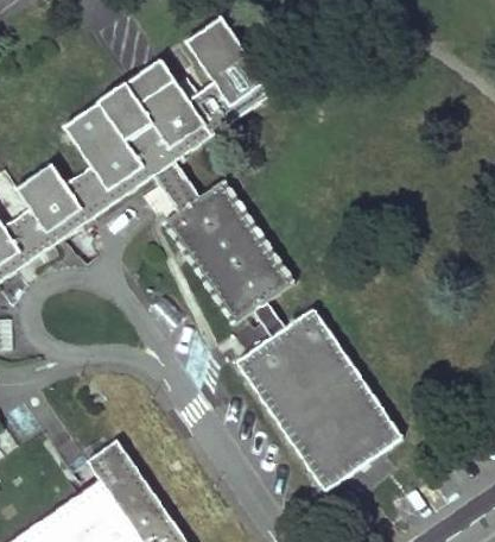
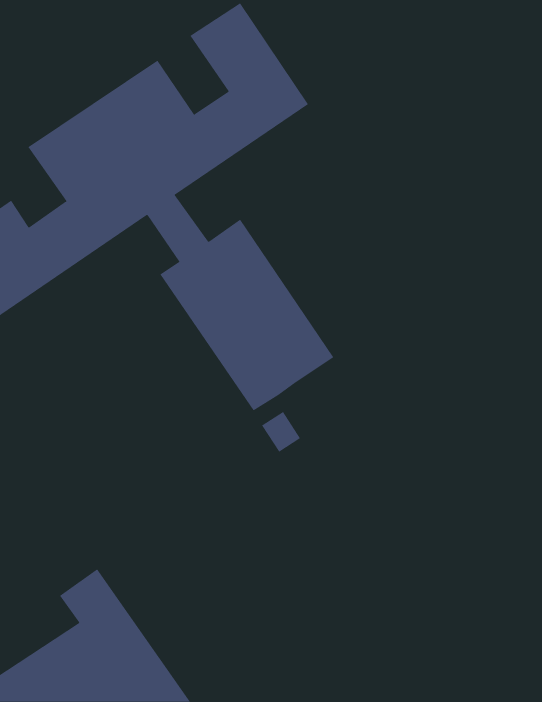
building: [236,311,405,498] -> none

